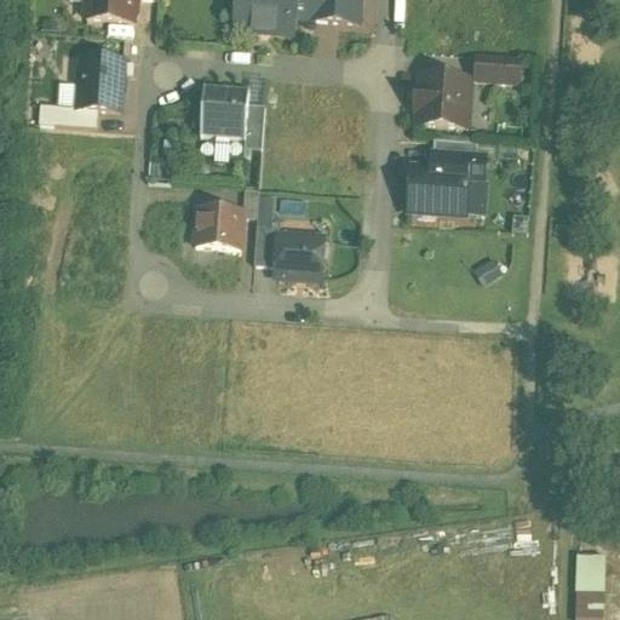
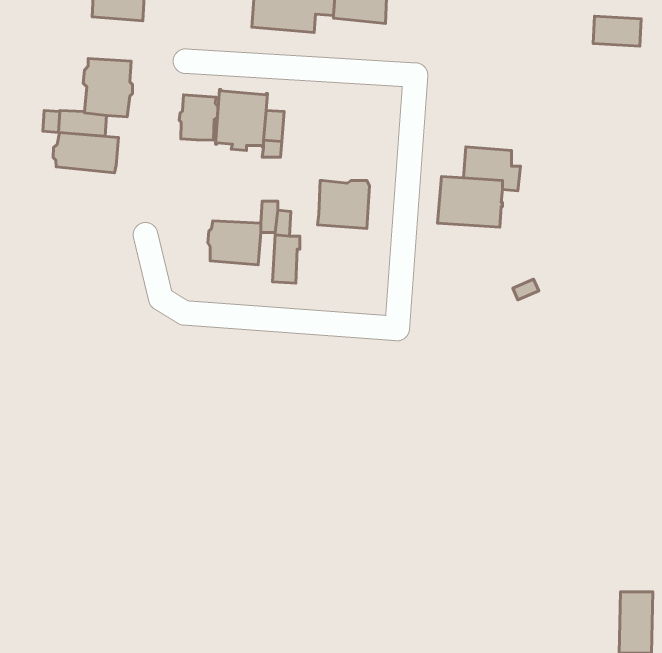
building: [476,53,521,81] -> [593,16,641,46]
building: [415,73,470,125] -> none
building: none -> [179,95,218,140]
building: none -> [53,133,118,173]
building: [275,232,323,277] -> [317,181,369,229]

